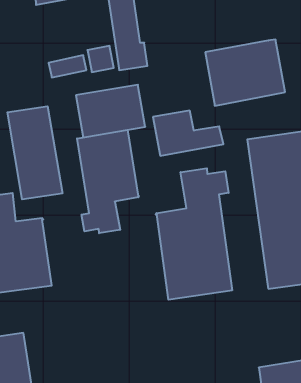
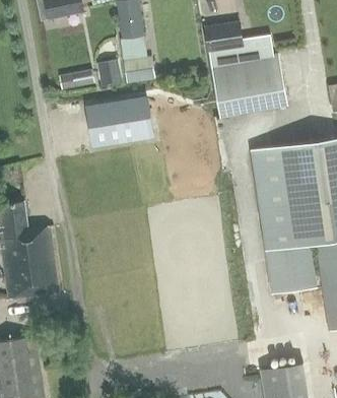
building: [7,106,62,199] -> none
building: [153,111,223,156] -> [203,22,271,66]
building: [77,130,139,233] -> none
building: [156,168,232,300] -> none

